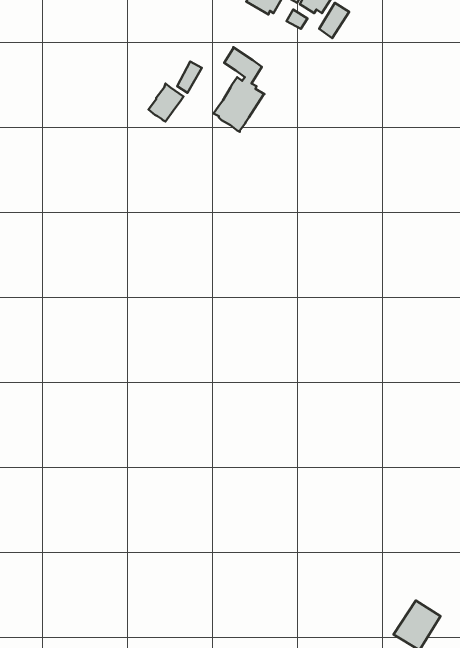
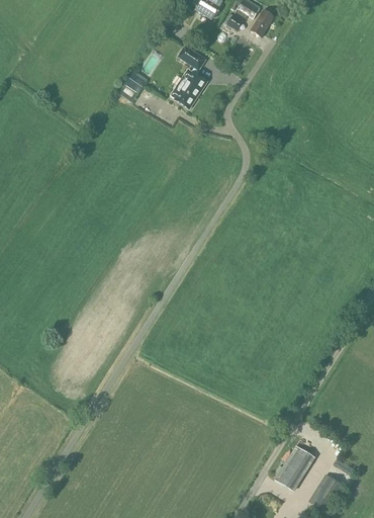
building: none -> [274,443,314,489]

